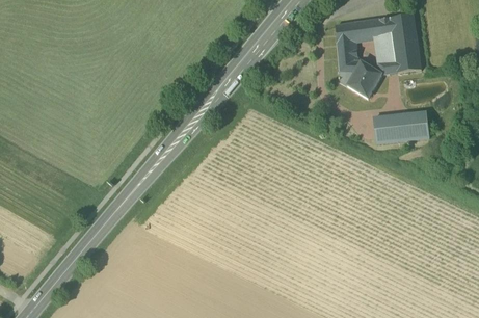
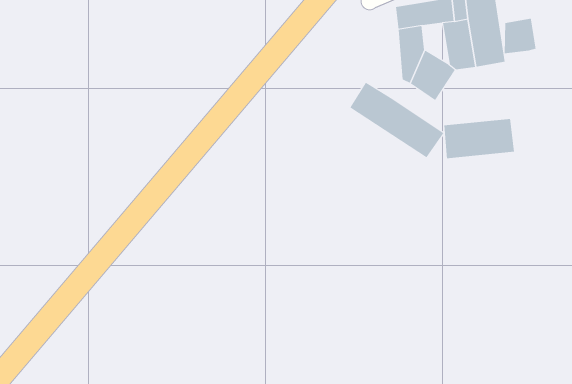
building: none -> [504,18,536,54]
building: none -> [350,82,444,158]

